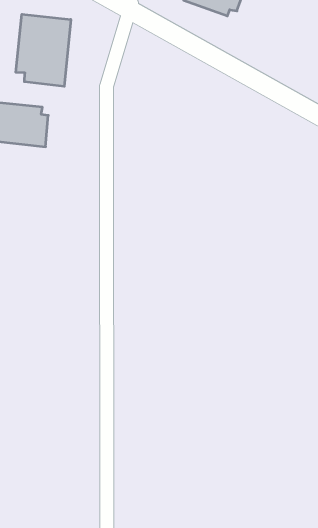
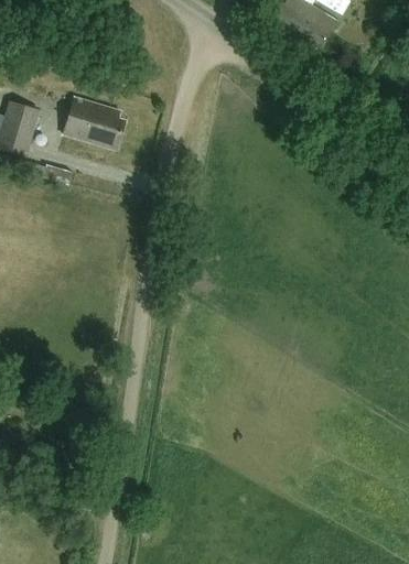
building: [16,14,71,86] -> none

